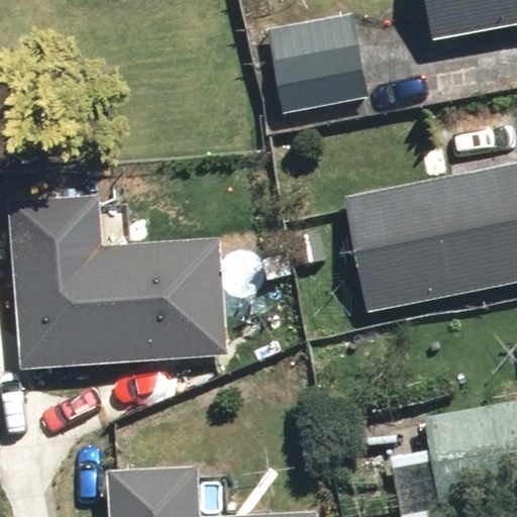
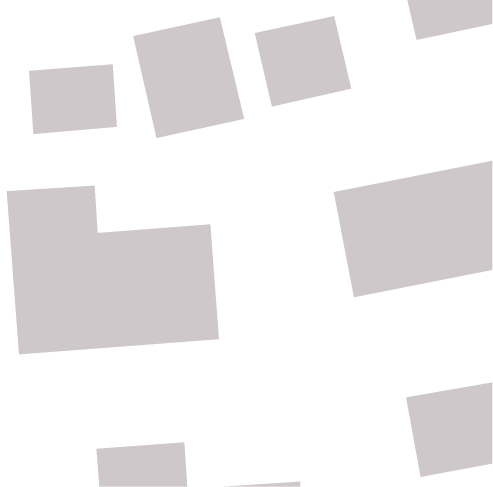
building: none -> [133,17,245,139]
building: none -> [29,64,117,135]

